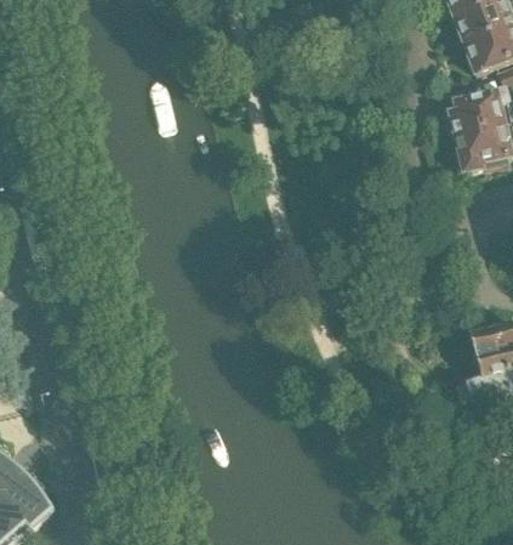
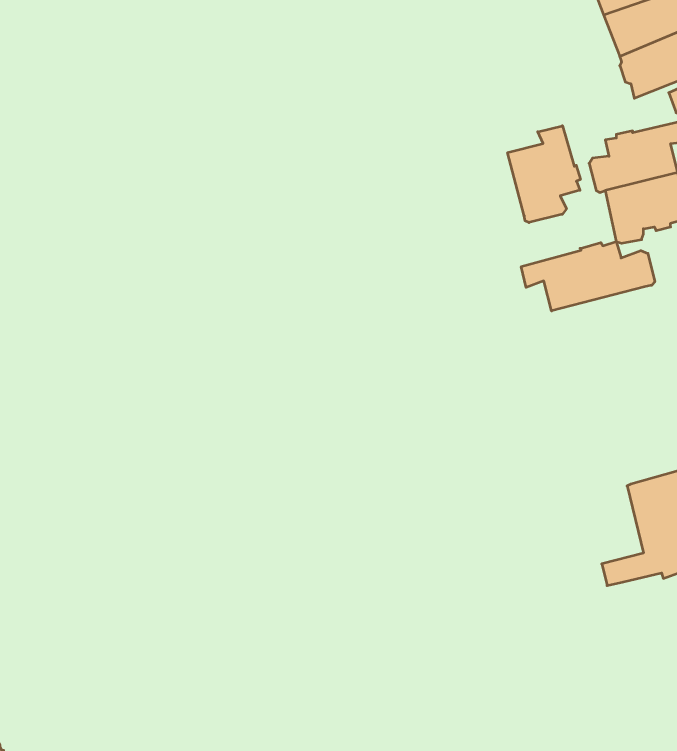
building: none -> [508,126,580,223]
building: none -> [521,241,655,311]

